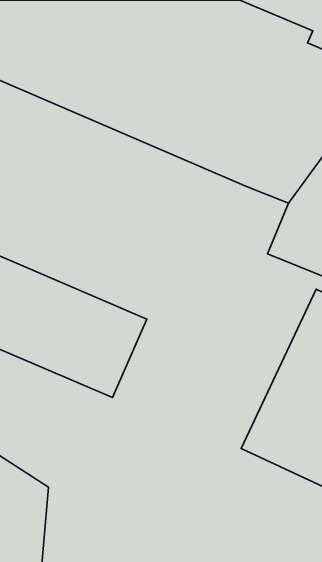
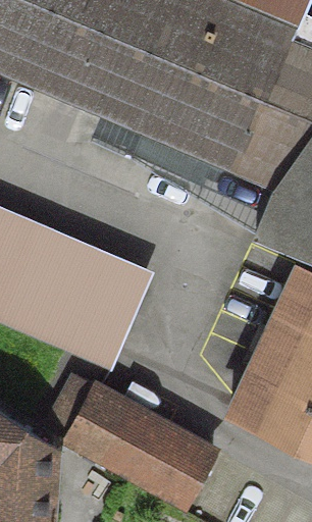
building: none -> [66,388,210,504]

